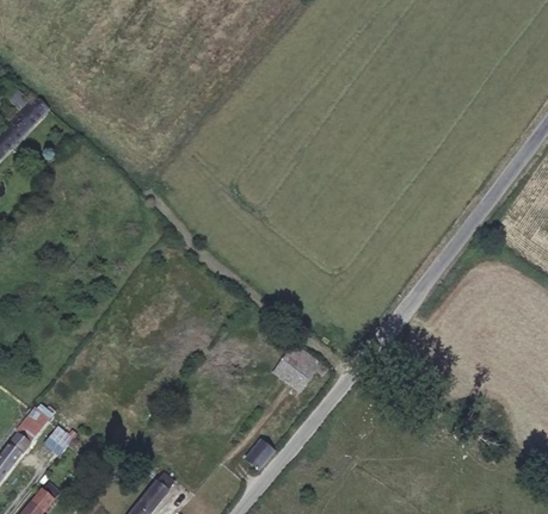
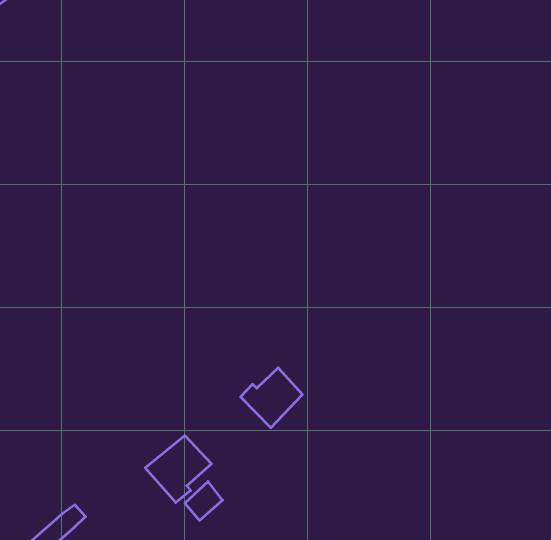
building: none -> [145,436,211,503]

